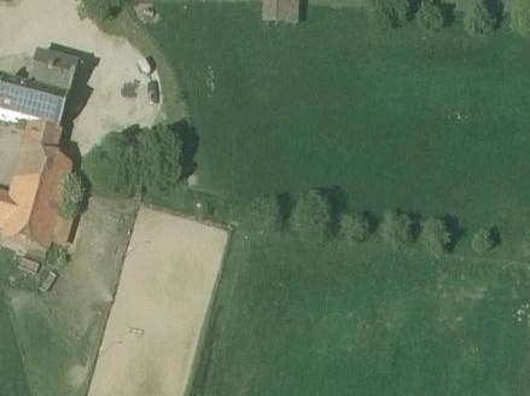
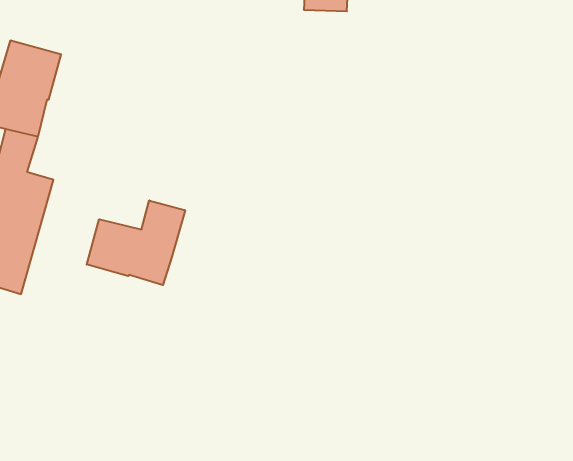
building: none -> [87,200,185,285]

